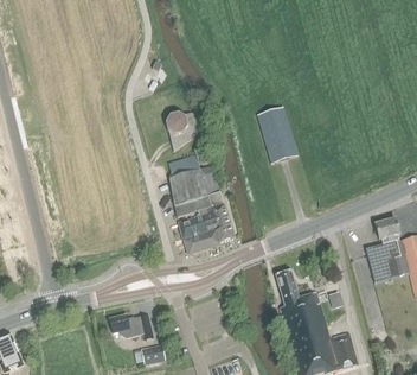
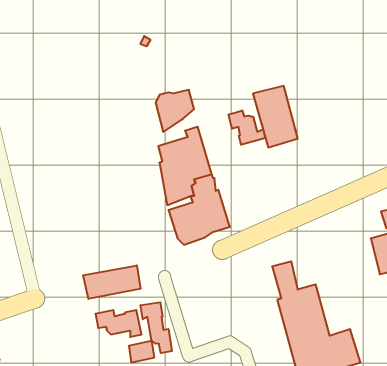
building: none -> [228,110,265,145]
building: none -> [83,265,141,299]
building: none -> [141,302,172,353]

